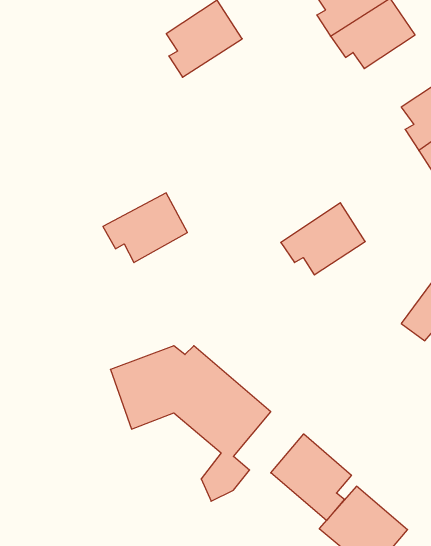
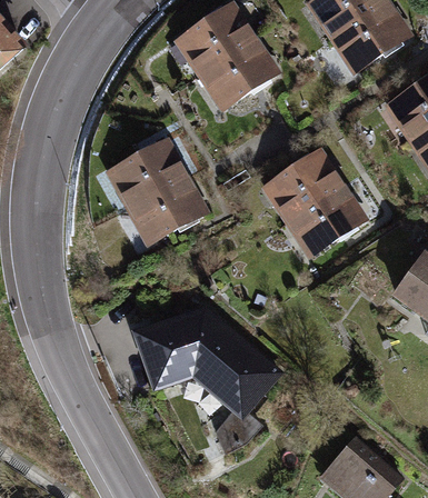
building: none -> [199,39,276,102]
building: none -> [117,141,185,207]
building: none -> [272,152,340,221]
building: [271,434,351,520] -> none

